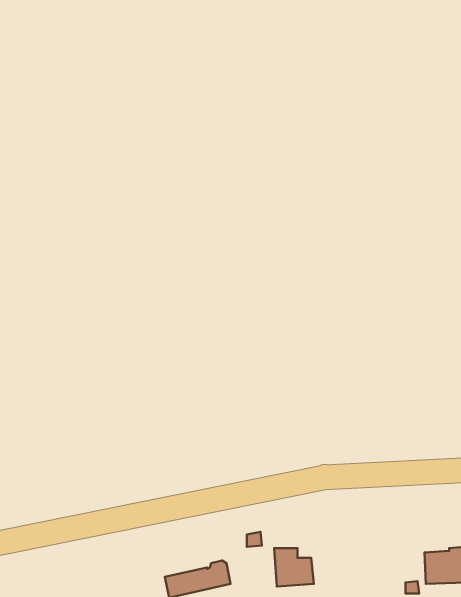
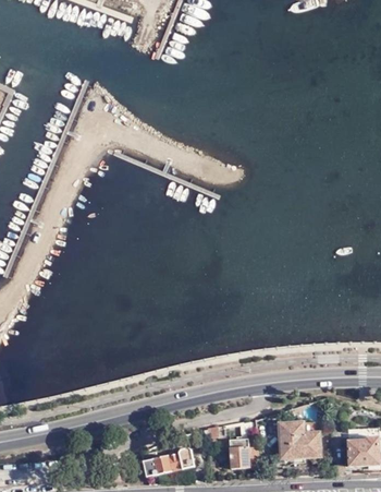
building: none -> [279,421,321,458]

